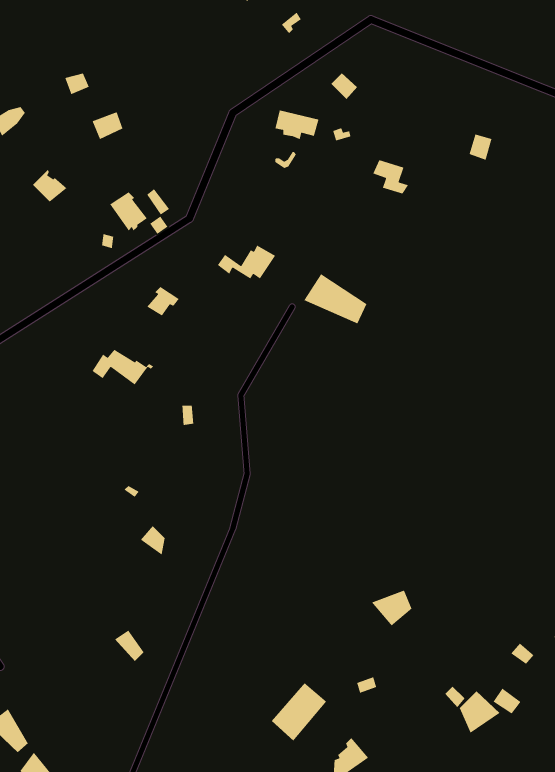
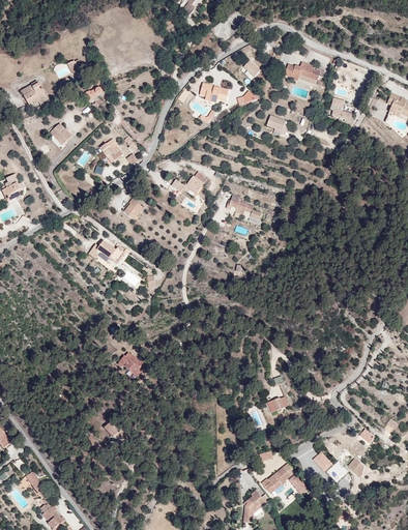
building: none -> [282,62,322,84]
building: [271,682,327,742] -> [263,460,299,498]

